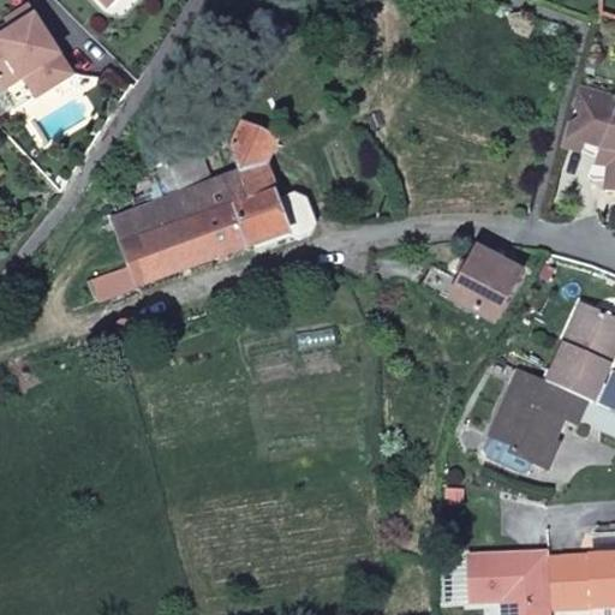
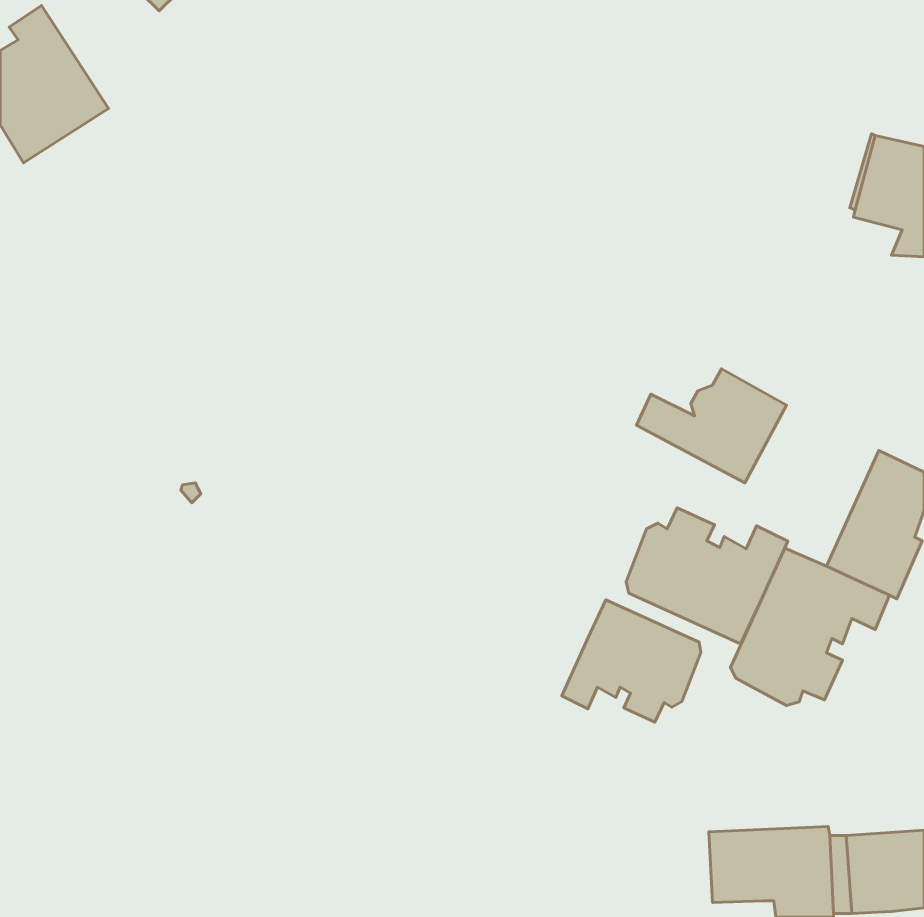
building: [88,119,316,299] -> none
building: none -> [626,508,788,644]
building: none -> [562,600,701,722]

